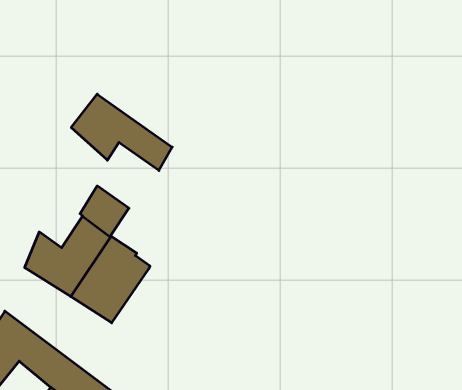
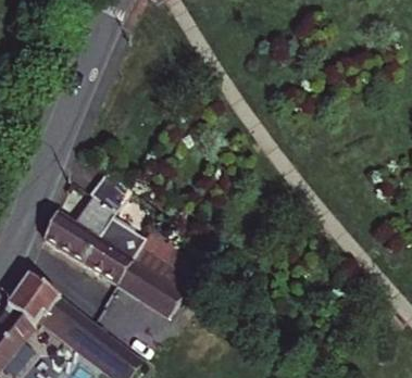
building: [71,94,172,171] -> none
building: none -> [117,241,192,317]

